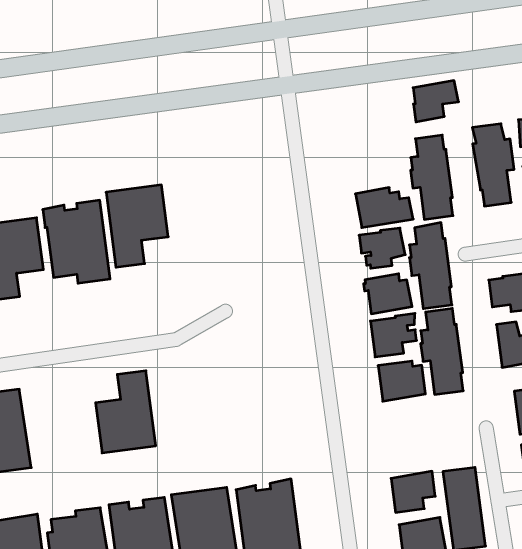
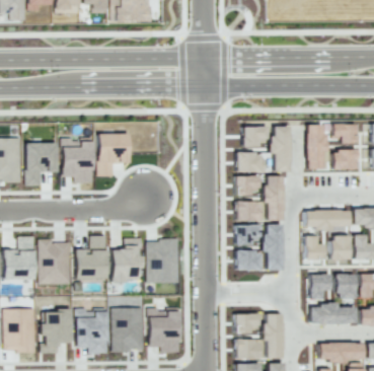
building: [413,81,459,122] -> [243,127,269,147]
building: none -> [148,238,179,283]
building: none -> [113,237,144,283]
building: none -> [40,239,72,284]

